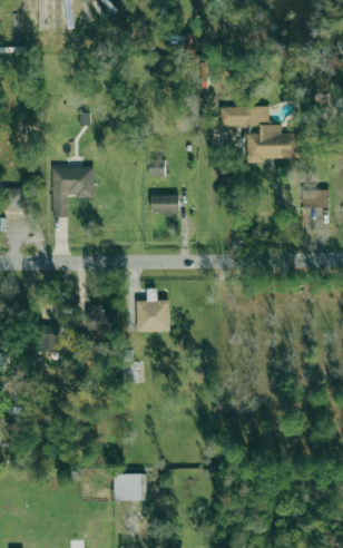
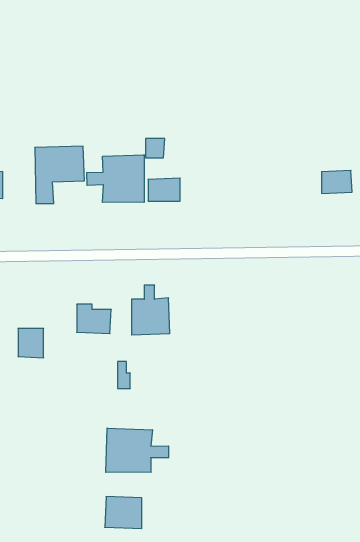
building: [219,107,298,164] -> none
building: none -> [87,155,144,202]
building: none -> [106,428,169,472]

